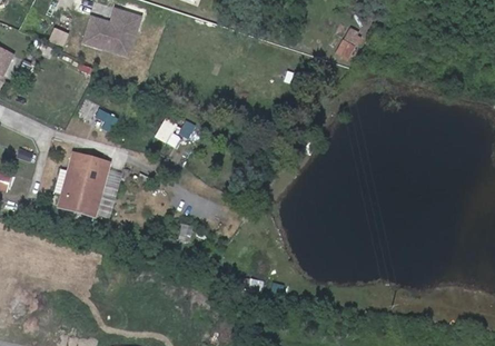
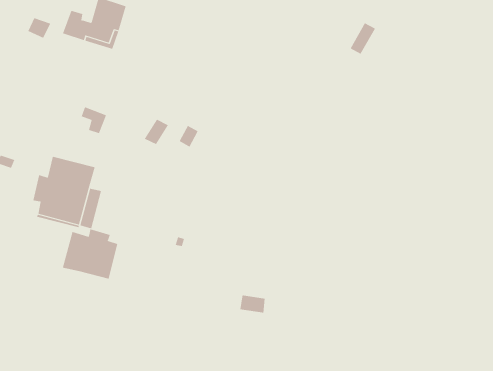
building: none -> [62,229,118,279]

